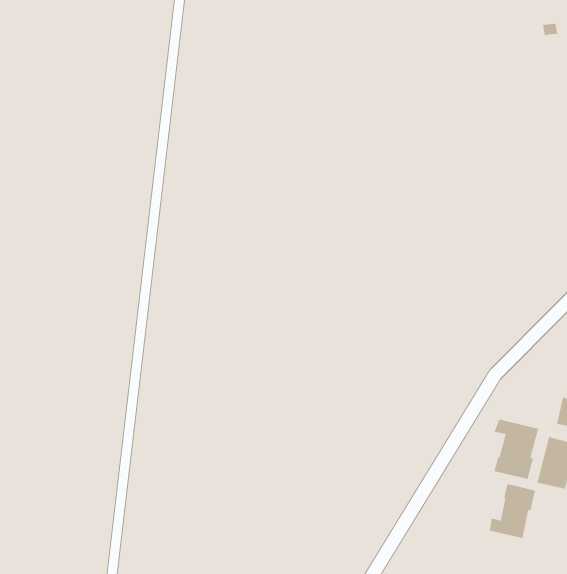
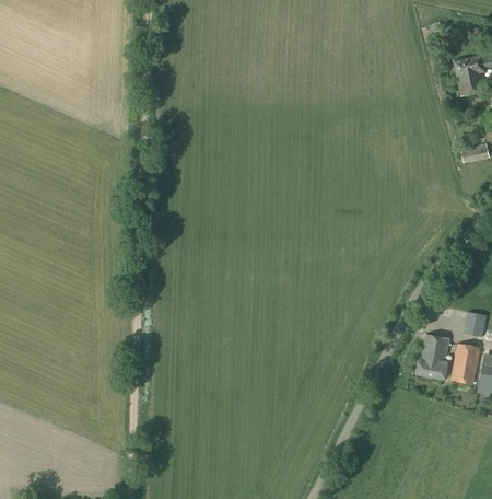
building: [489,483,536,539] -> none

